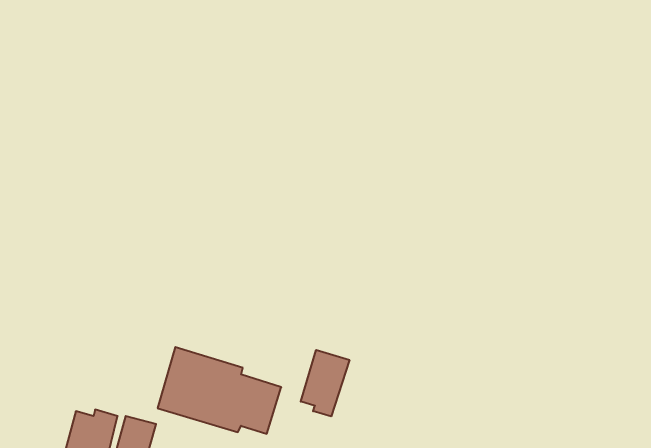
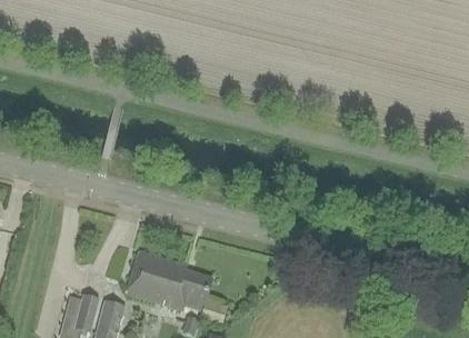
building: [301,350,349,416] -> none

